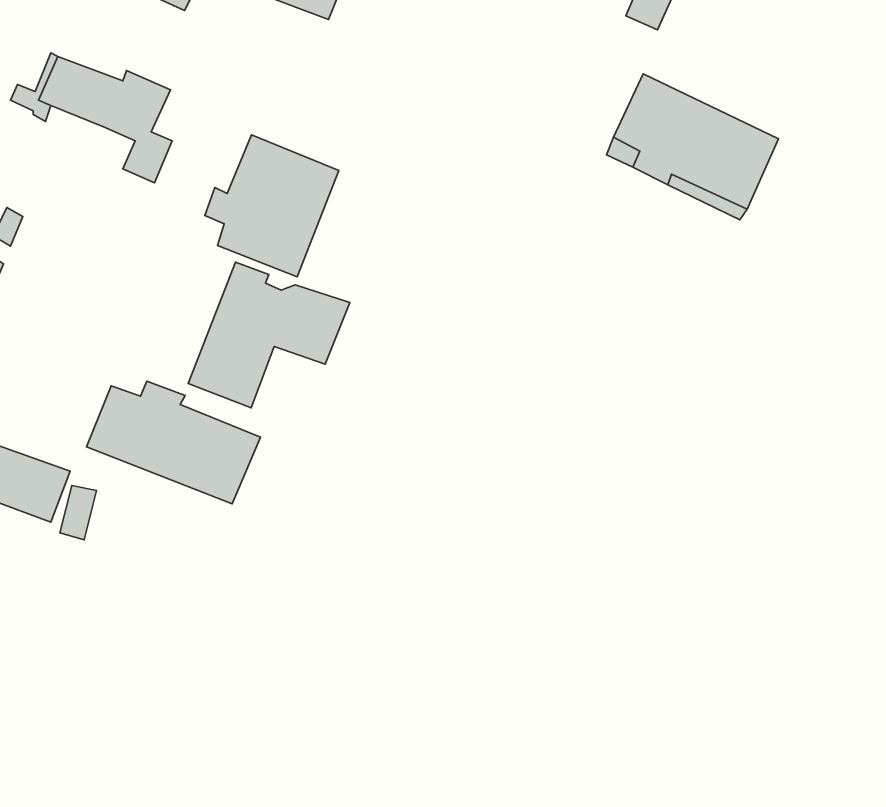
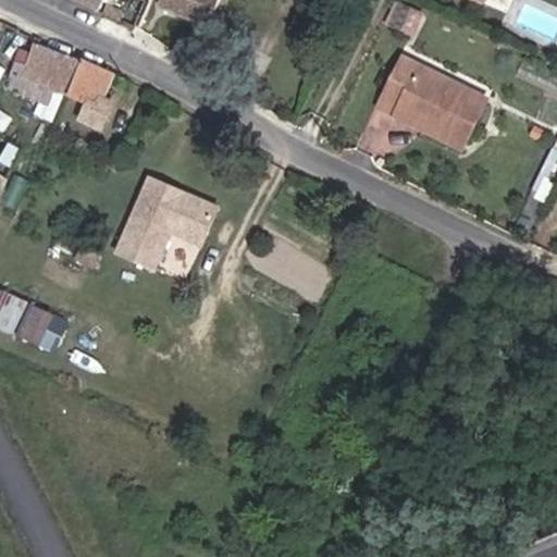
building: [205,135,339,277] -> none
building: [87,381,261,504] -> none

